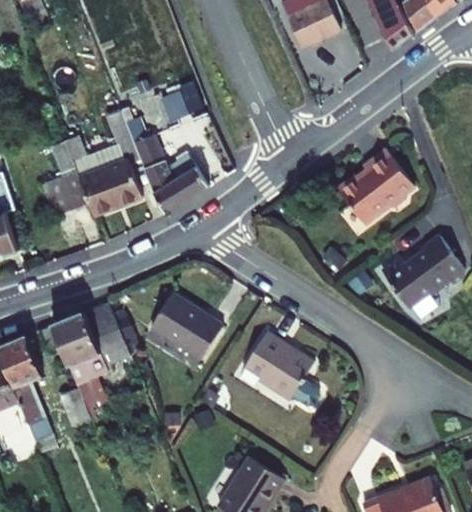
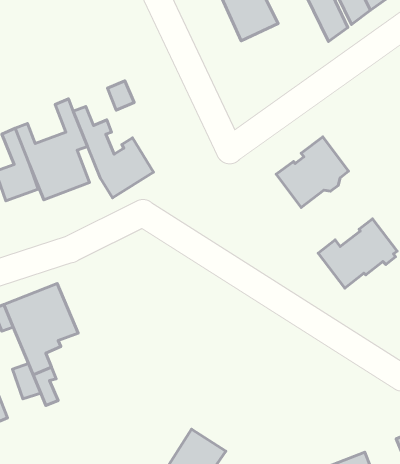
building: [151,293,223,359] -> none
building: [239,331,319,405] -> none

